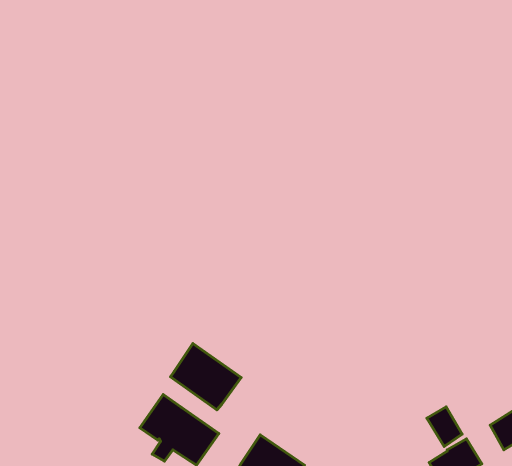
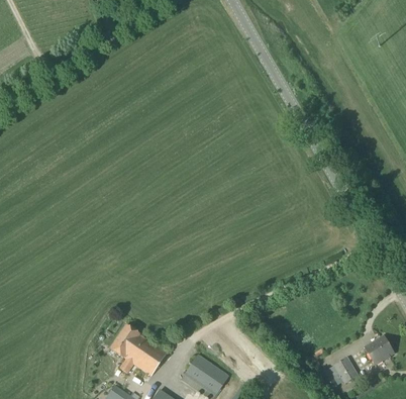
building: [171,343,241,410] -> none
building: [427,407,462,446] -> none

